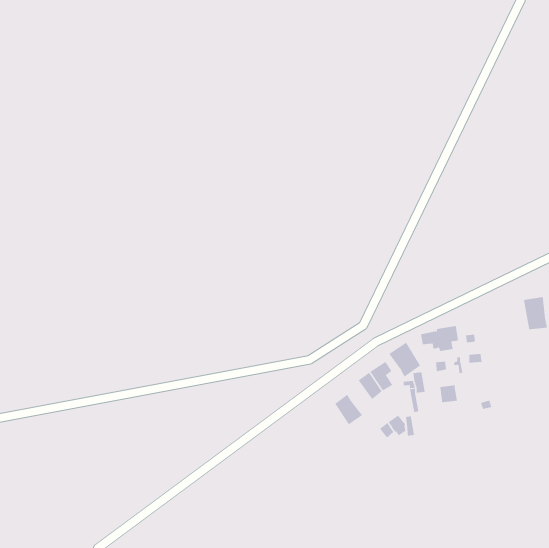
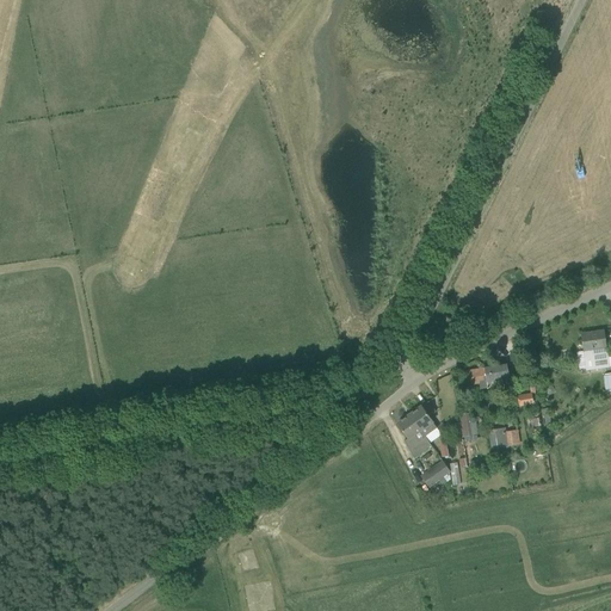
building: [389,342,421,377] -> none
building: [334,394,363,425] -> none

